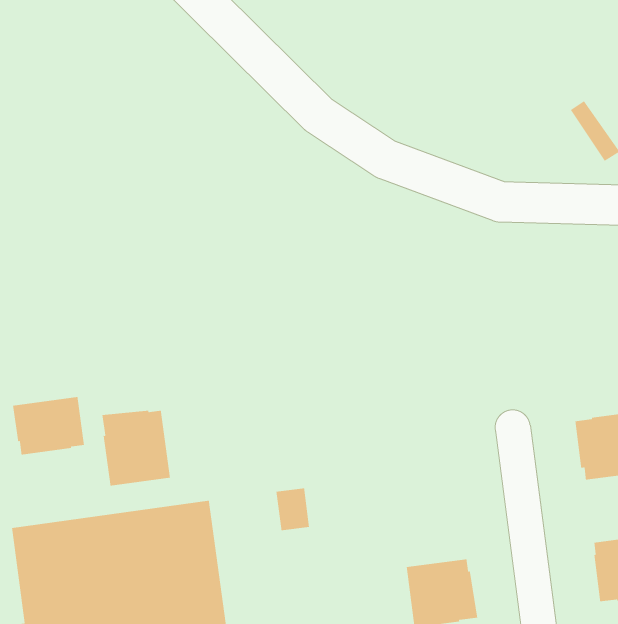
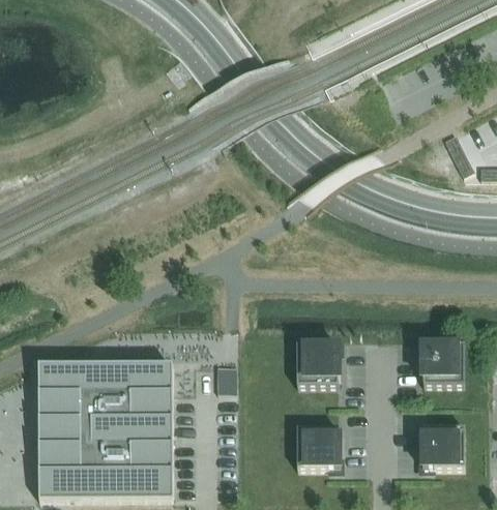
building: [12,396,85,456] -> none
building: [102,410,171,487] -> none
building: none -> [296,340,339,382]

